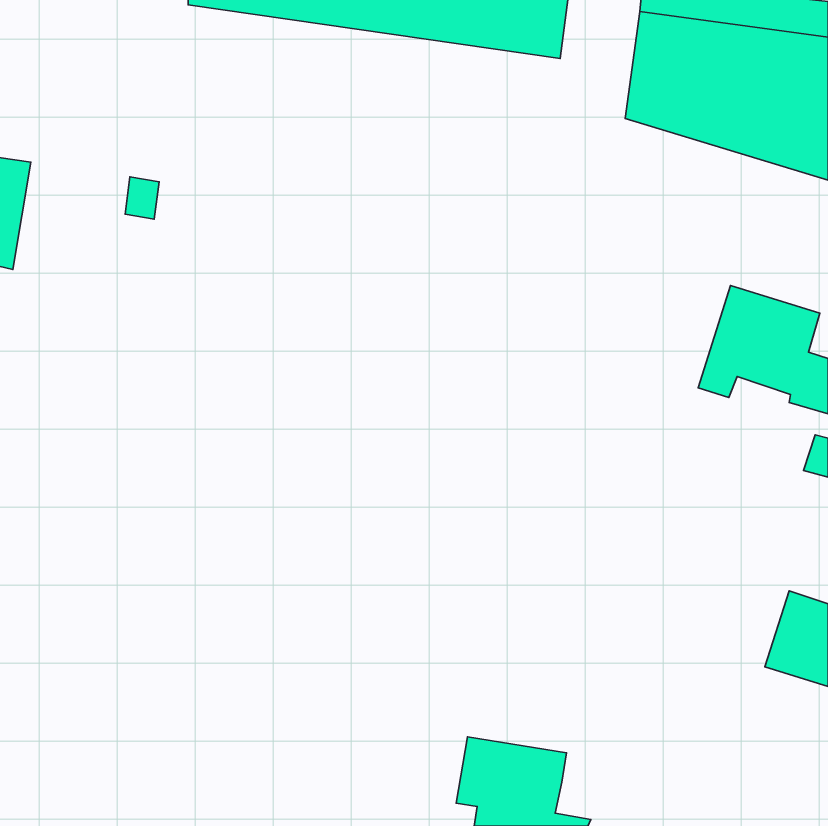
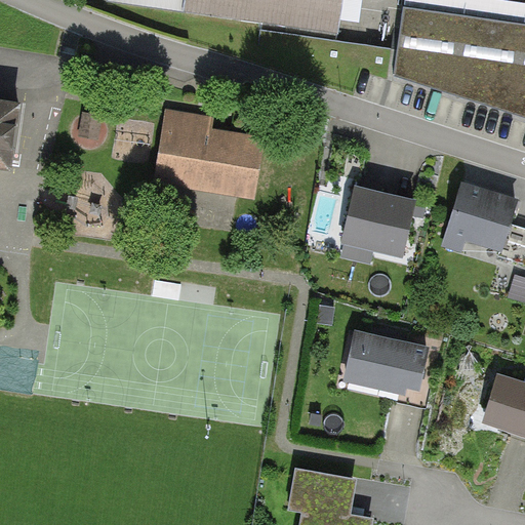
building: none -> [155,109,265,199]
building: none -> [342,186,416,256]
building: none -> [344,329,432,407]

